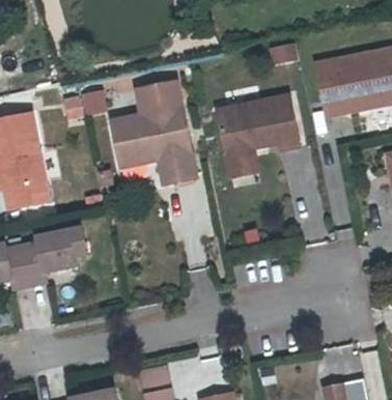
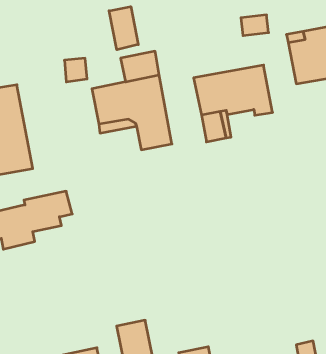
building: none -> [109,7,138,50]

